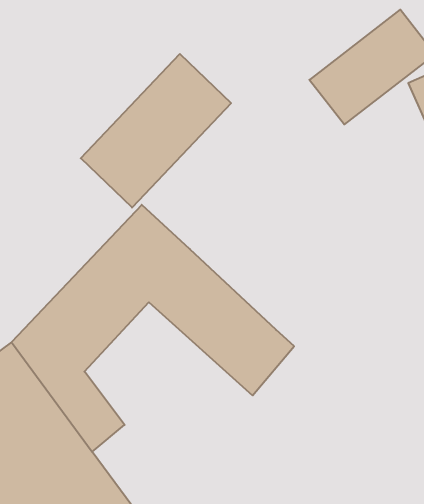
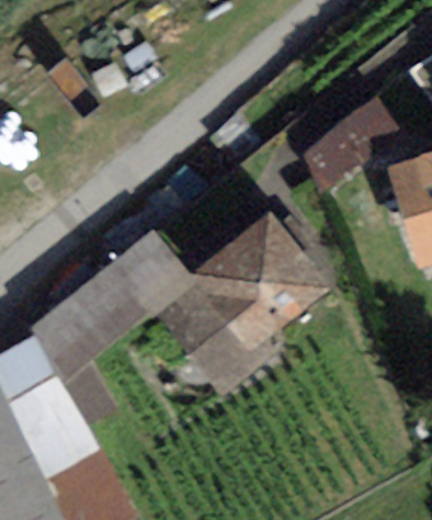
building: [81,54,231,208] -> none
building: none -> [187,212,328,352]

